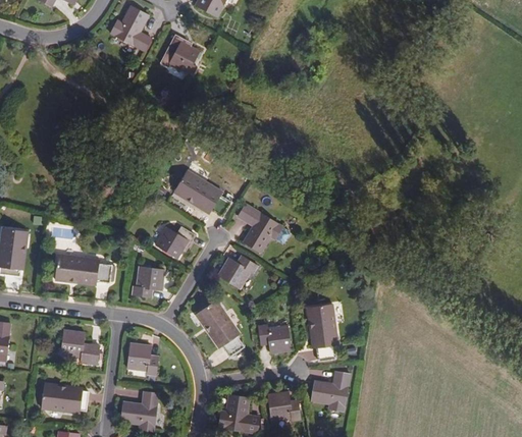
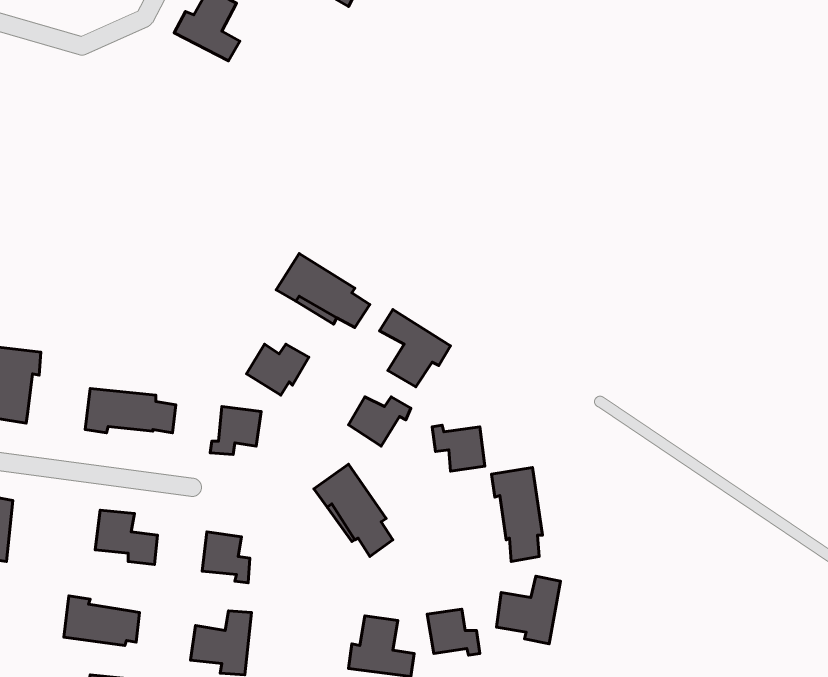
building: [162,35,200,73] -> none
building: [258,324,291,352] -> [432,425,485,471]

